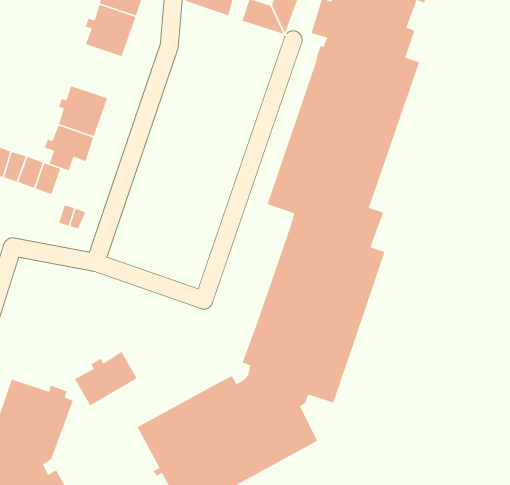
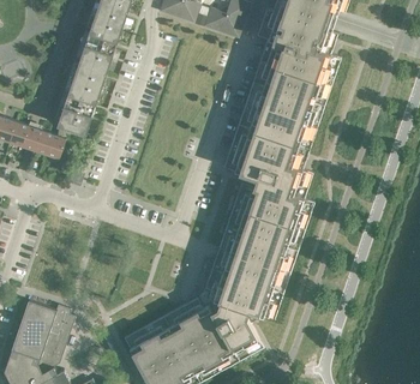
building: none -> [73,46,113,86]
building: [74,351,138,406] -> none

